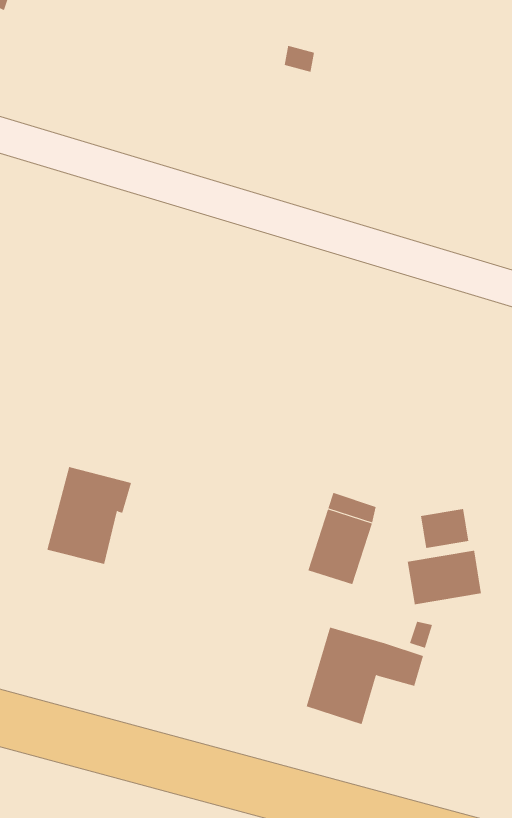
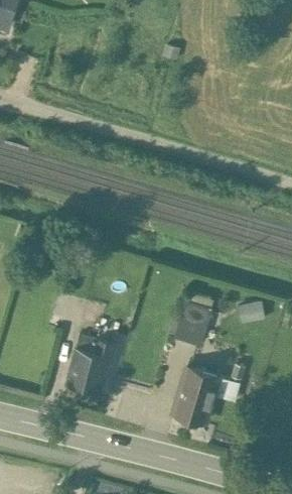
building: [47,466,132,564] -> [66,337,114,391]
building: [407,550,482,605] -> none

